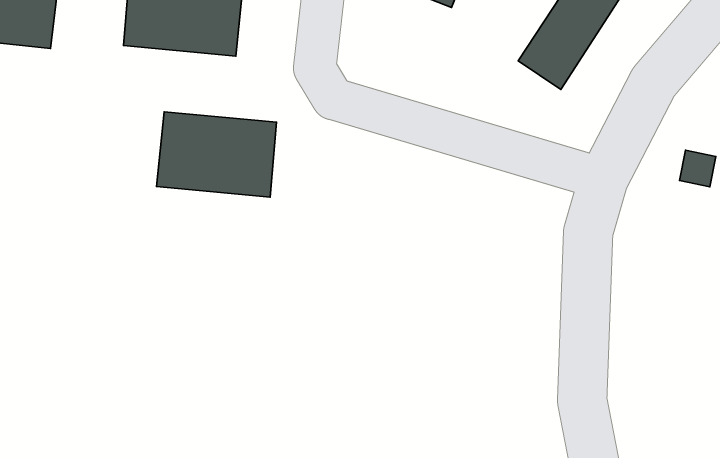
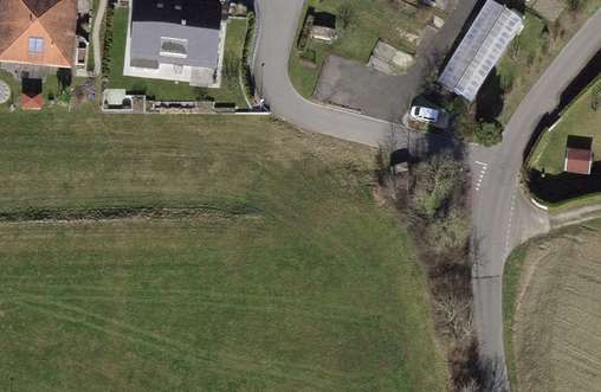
building: [156,112,276,197] -> none

